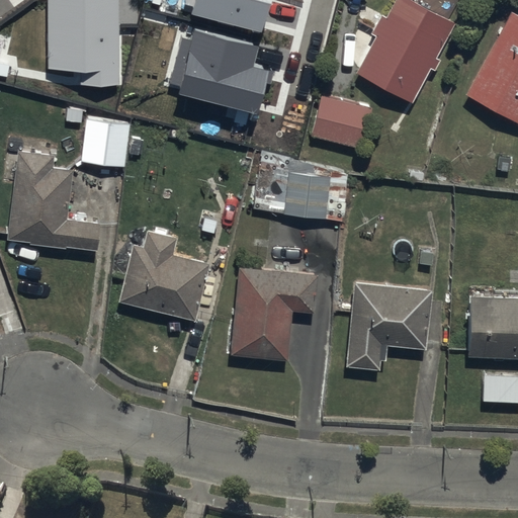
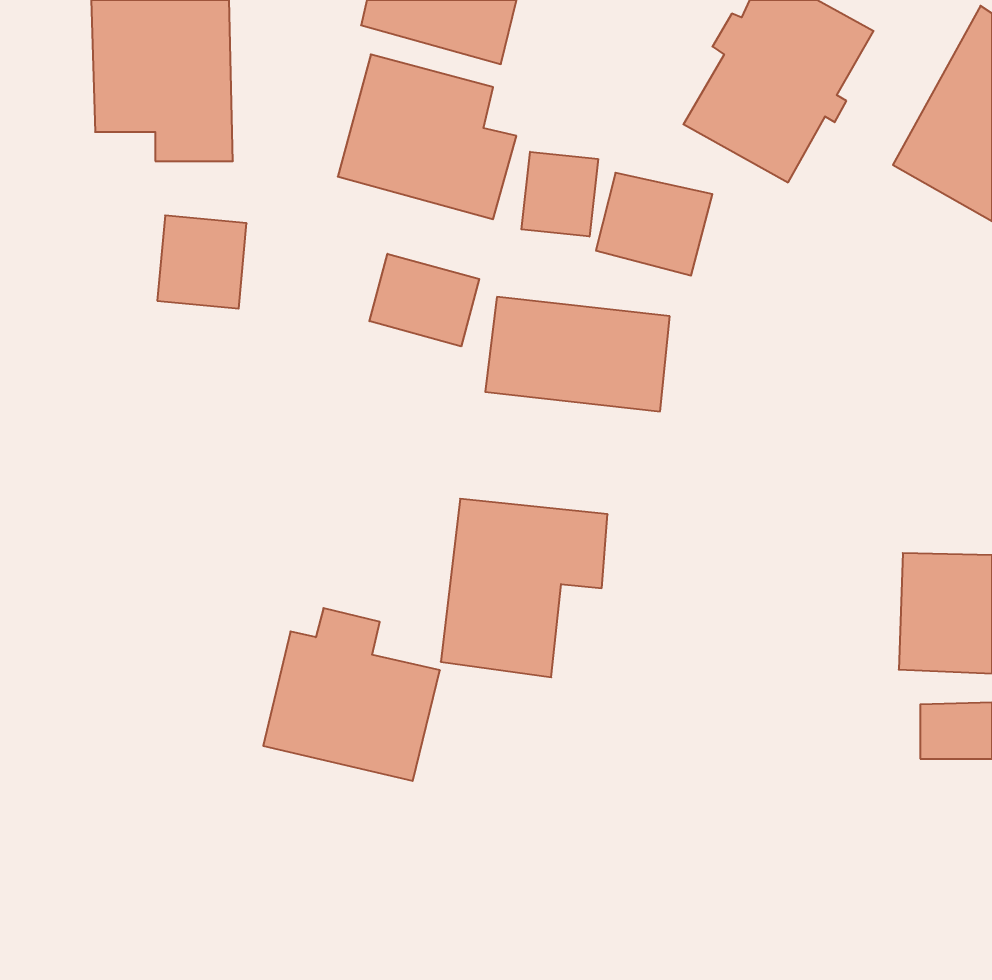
building: none -> [521,152,598,237]
building: none -> [369,254,479,346]
building: [8,151,100,249] -> none
building: [117,229,209,319] -> [263,608,440,781]
building: [347,282,432,369] -> none

